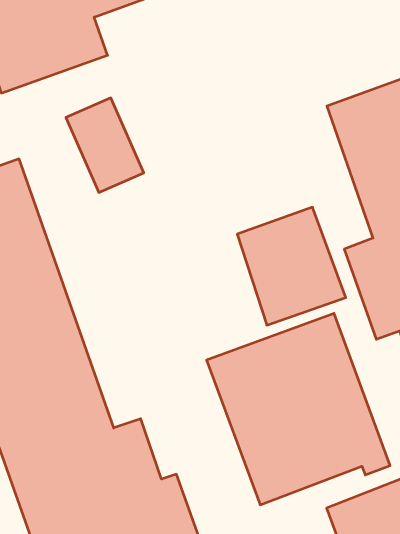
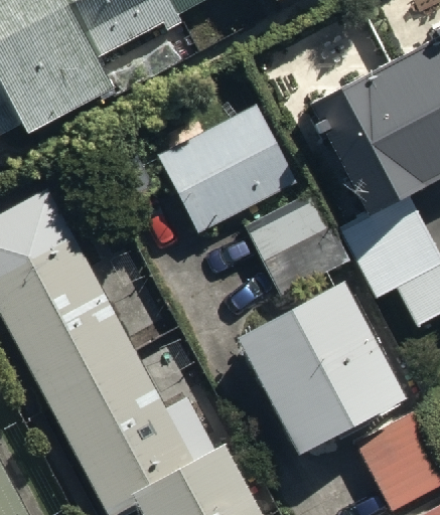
building: none -> [159,104,299,234]

